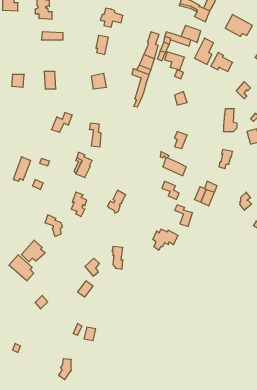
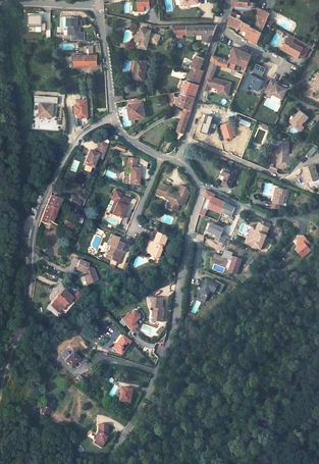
building: none -> [173,25,216,43]
building: none -> [157,183,190,211]
building: [9,255,34,281] -> none

